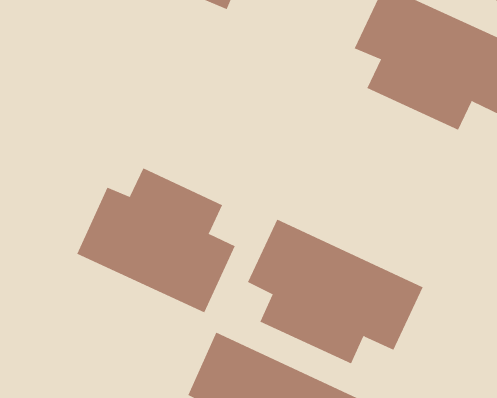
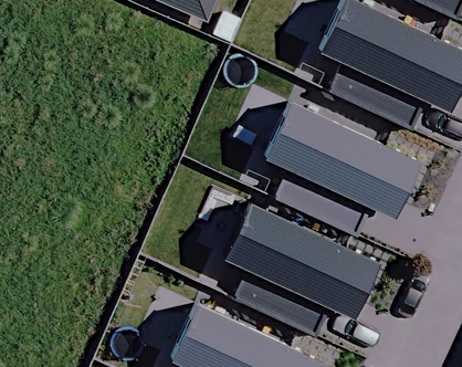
building: none -> [263,105,419,233]
building: [76,167,235,313] -> none

